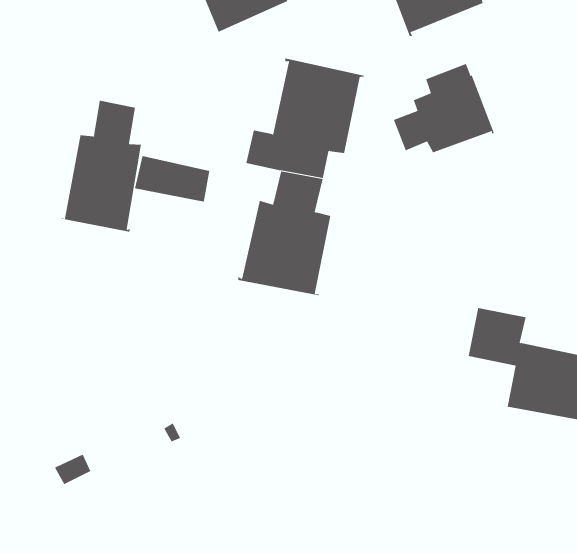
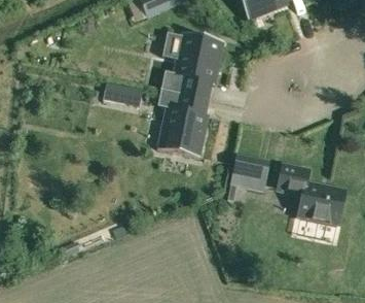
building: [393,63,495,153] -> none
building: [61,100,141,233] -> none
building: none -> [230,155,270,193]

